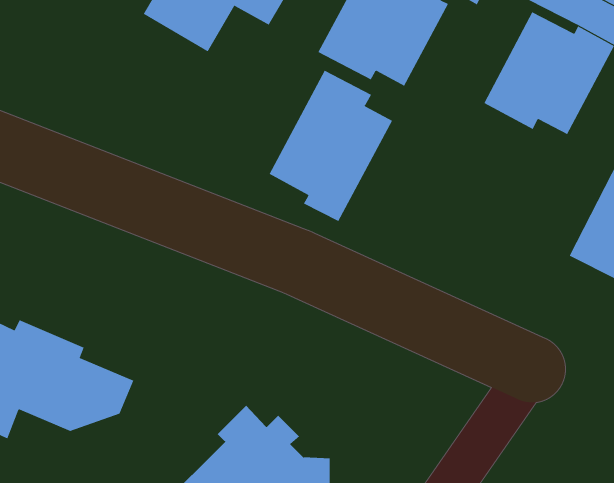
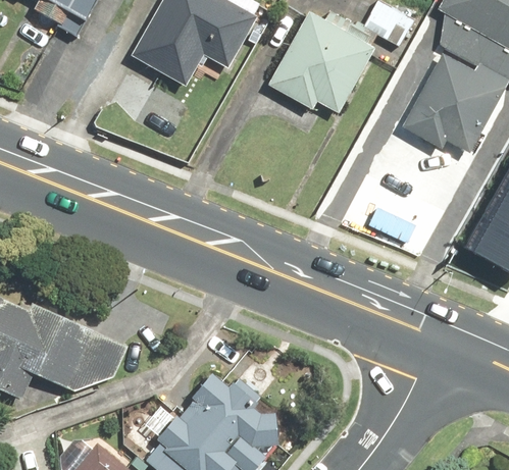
building: [269,70,393,222] -> none

